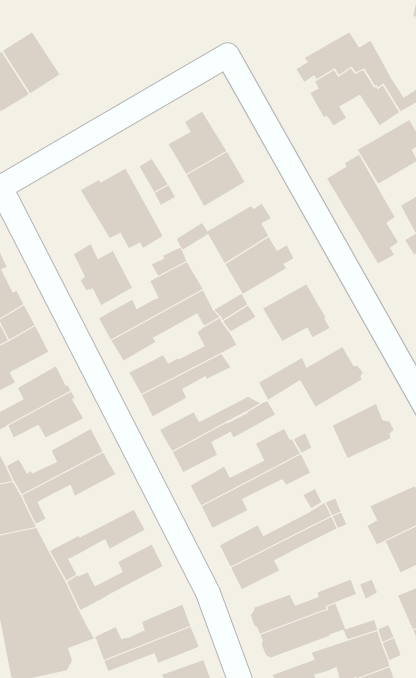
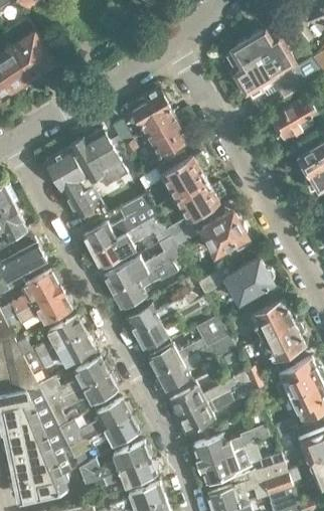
building: [326,154,399,264] -> none
building: none -> [39,149,86,193]
building: none -> [262,325,305,362]
building: none -> [36,360,108,406]
building: none -> [68,417,138,460]

